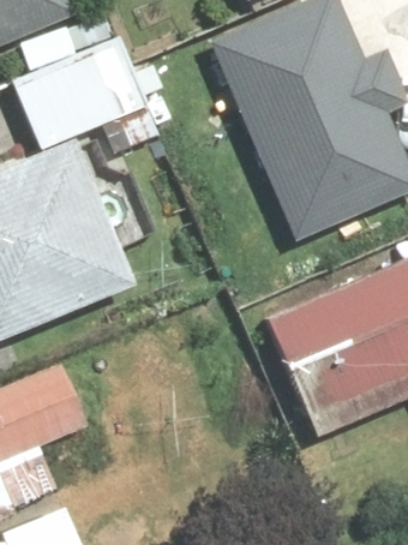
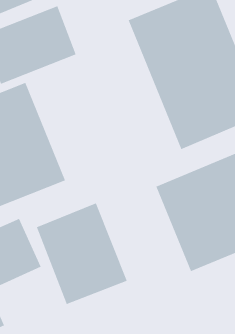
building: none -> [36,203,127,305]

